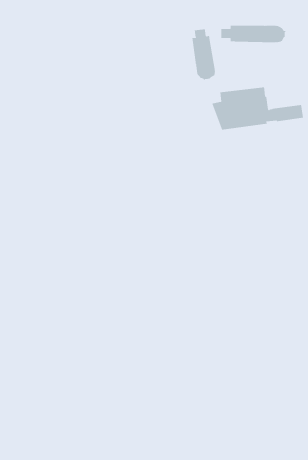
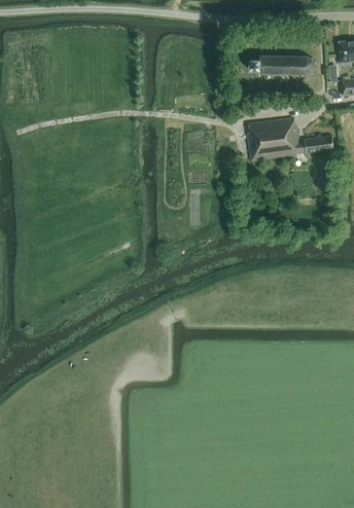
building: [192,29,216,81] -> none

